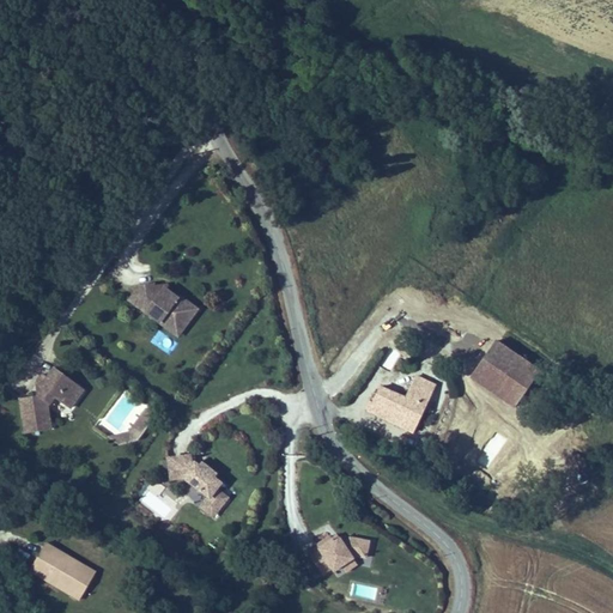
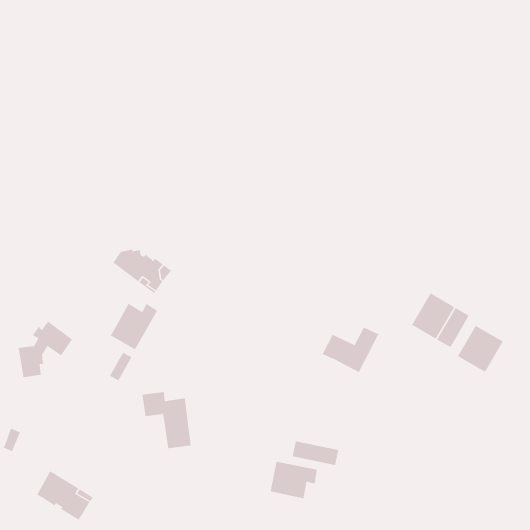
building: none -> [110,303,158,350]
building: none -> [457,325,503,373]
building: none -> [292,440,339,466]

